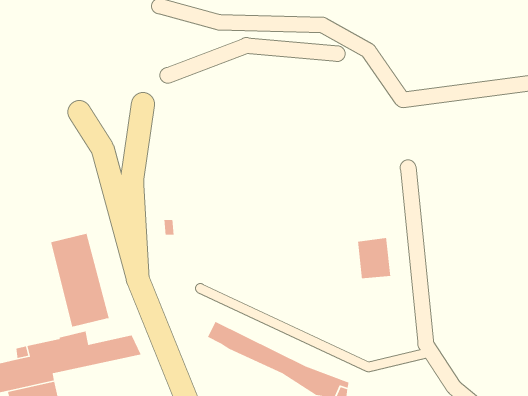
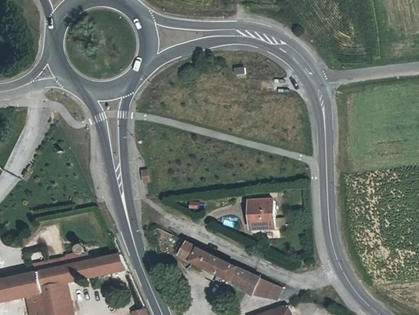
building: [50,233,110,328] -> none
building: [357,237,391,279] -> [248,203,273,234]

